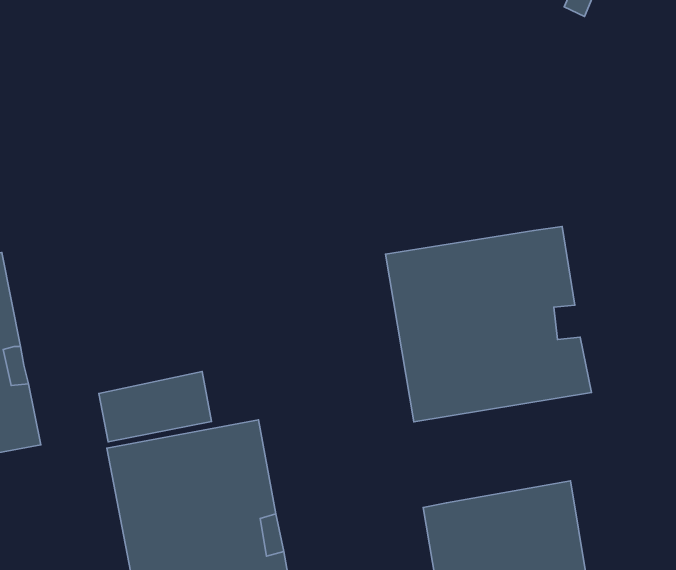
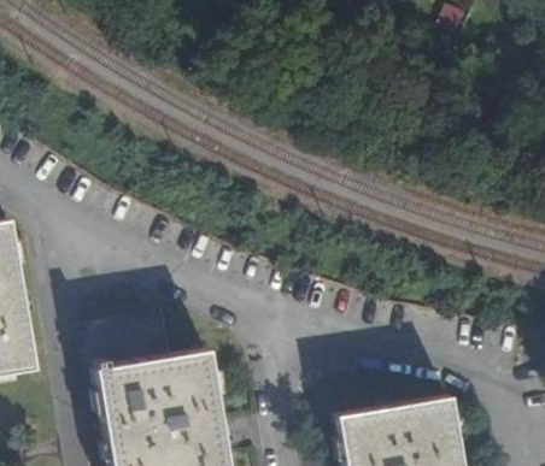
building: [386,226,591,422] -> none

